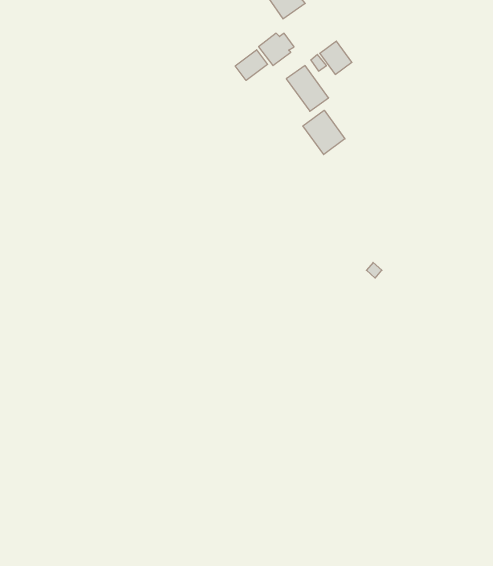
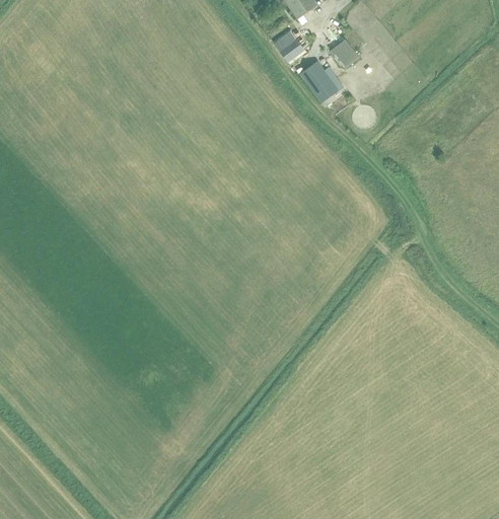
building: [235,50,268,80] -> none
building: [303,110,345,155] -> none

